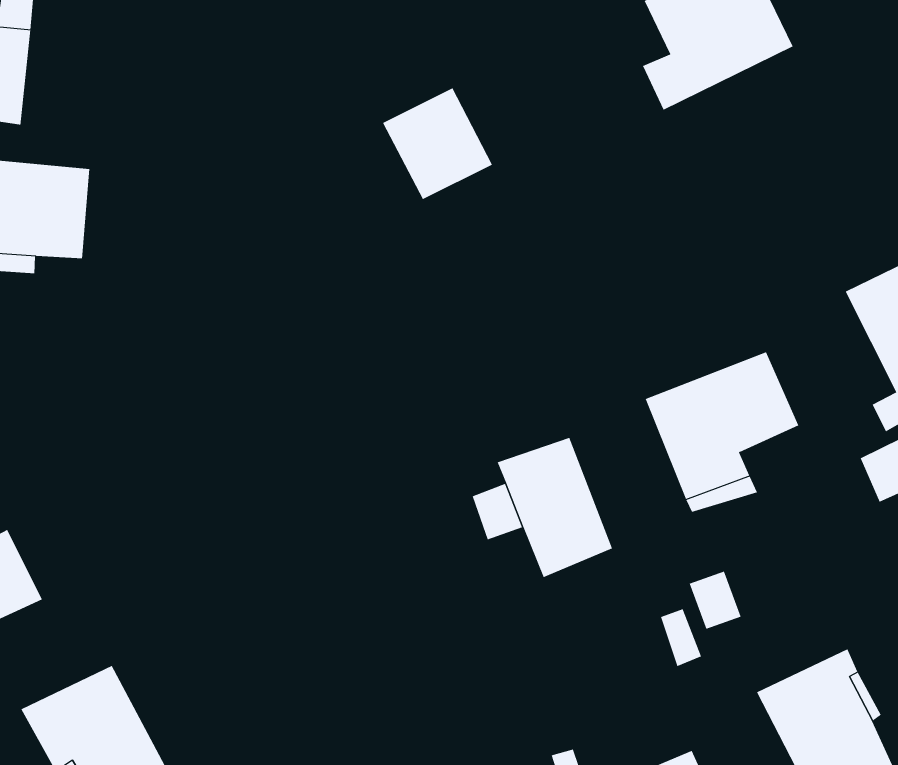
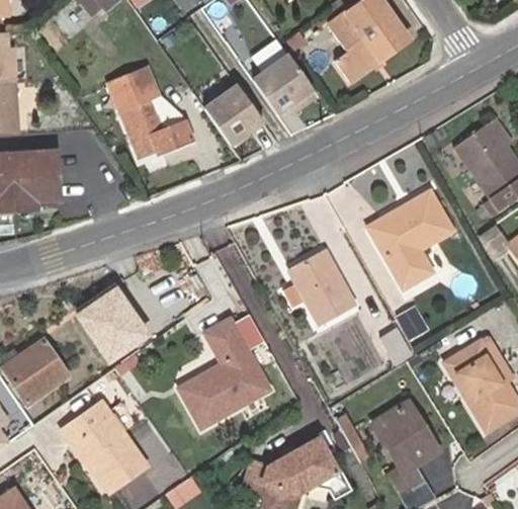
building: none -> [112,67,194,154]
building: none -> [254,51,319,110]
building: none -> [79,291,143,355]
building: none -> [174,321,269,429]

